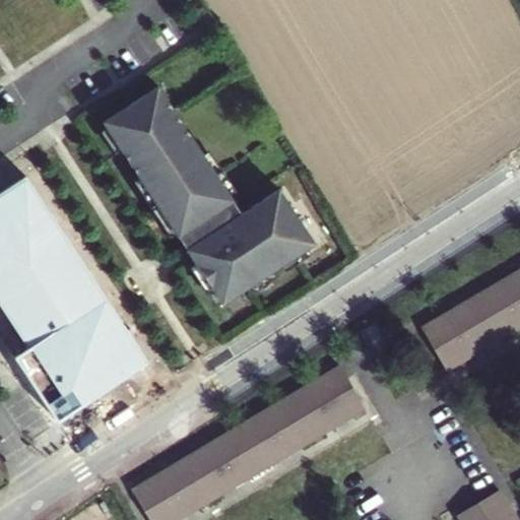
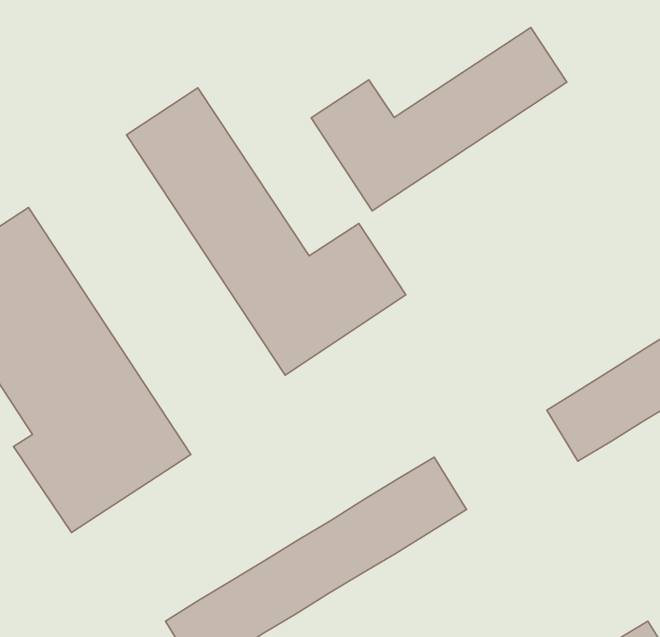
building: none -> [311,28,567,211]

